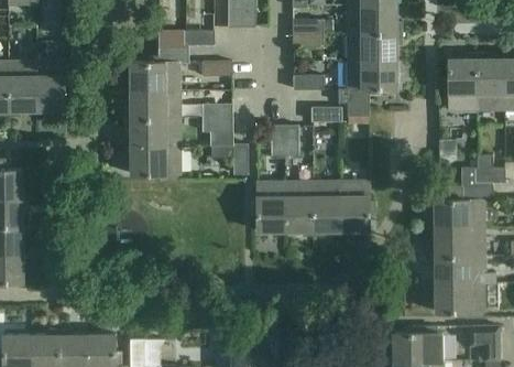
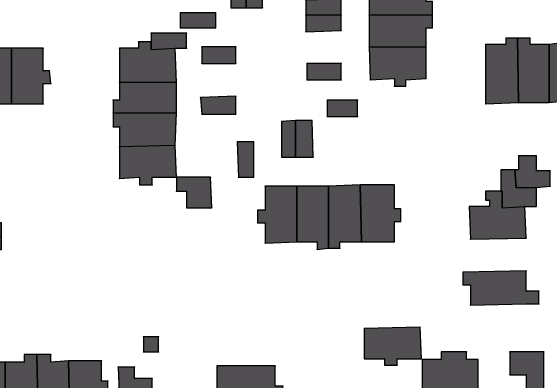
building: [339,88,370,116] -> none
building: [203,119,233,145] -> [176,177,212,208]
building: [429,227,484,257] -> none
building: [436,284,485,317] -> [364,327,421,365]

